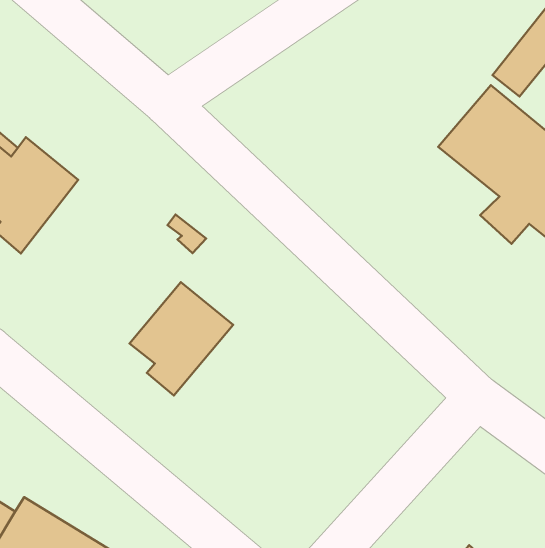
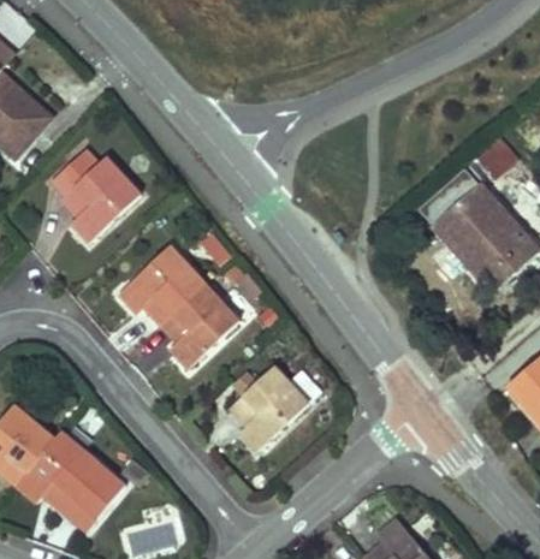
building: none -> [118,245,206,325]
building: none -> [229,365,322,453]

